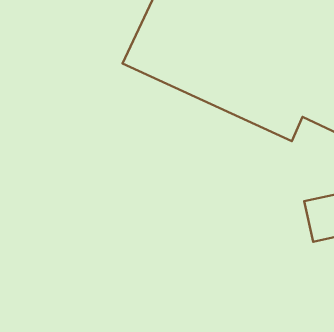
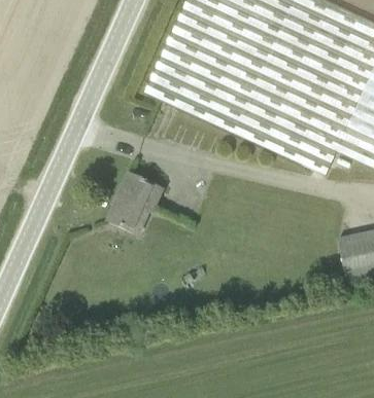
building: none -> [107,171,159,231]

